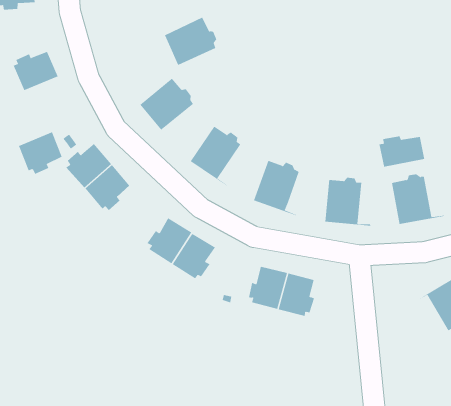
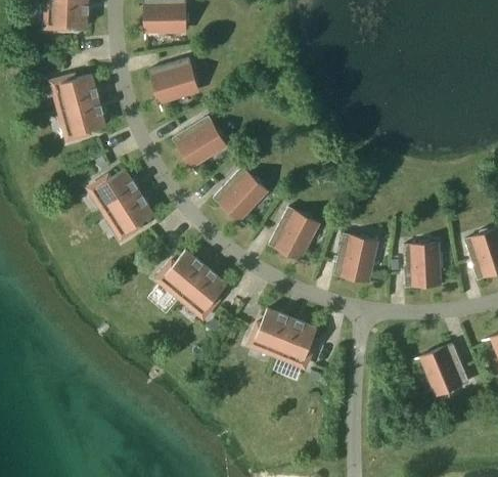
building: [164,17,217,76] -> [149,59,199,114]
building: [18,131,62,175] -> [64,101,105,140]
building: [379,135,425,167] -> none

